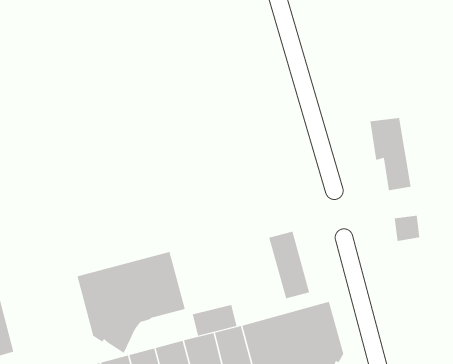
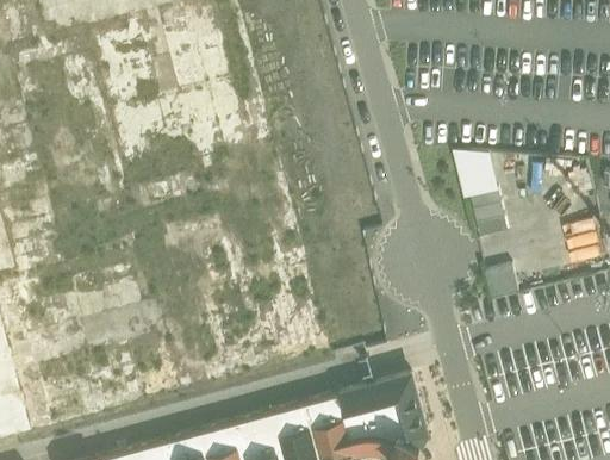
building: [269,231,310,299] -> none
building: [77,251,186,354] -> none
building: [192,304,237,336] -> none

